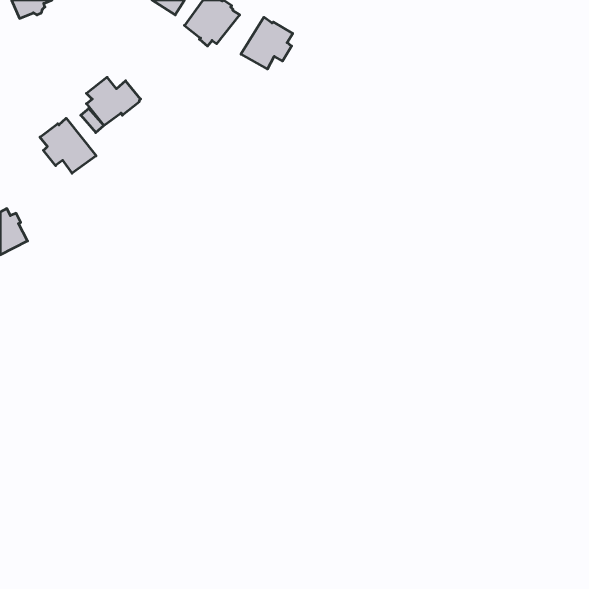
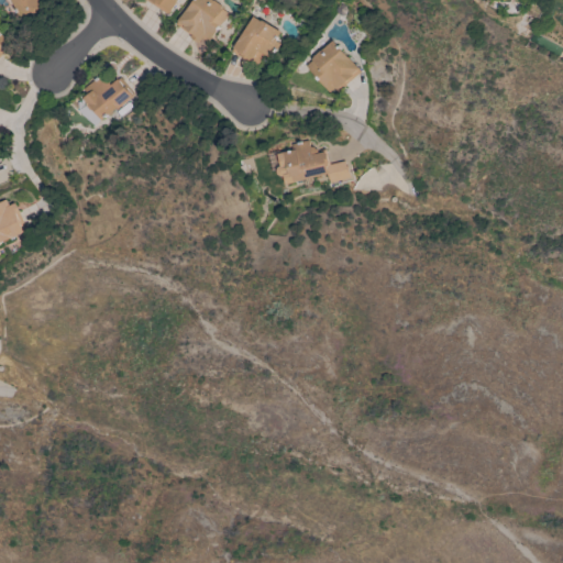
building: none -> [307,41,360,92]
building: [40,118,96,173] -> none
building: none -> [276,140,350,184]

